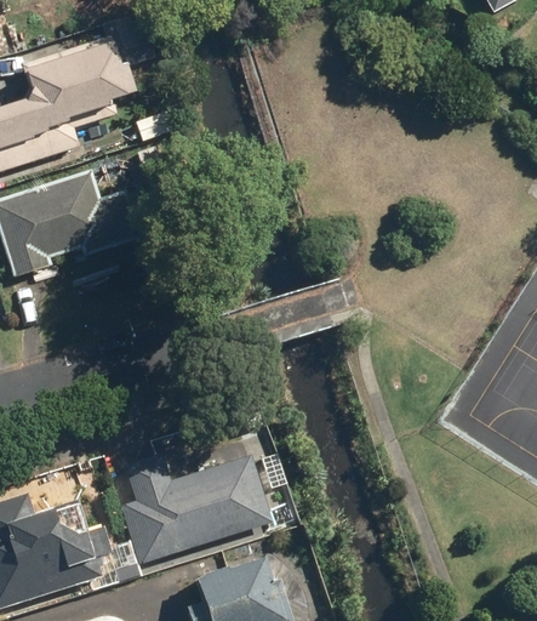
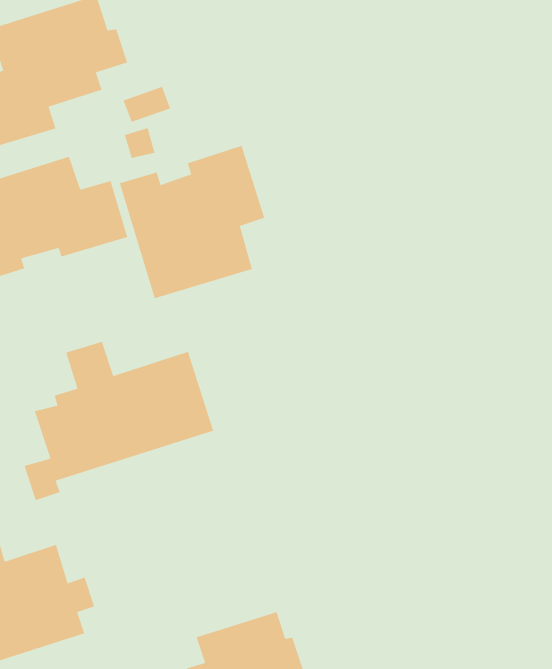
building: none -> [119,145,265,299]
building: [110,446,272,582] -> [24,341,214,501]

